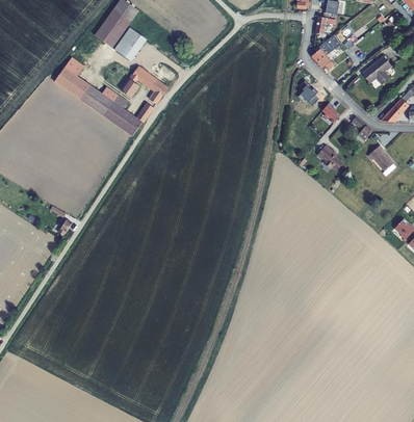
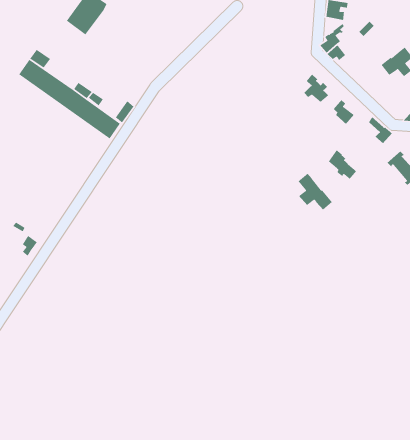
building: [115,29,146,60] -> none
building: [122,67,167,104] -> none
building: none -> [298,173,333,210]

